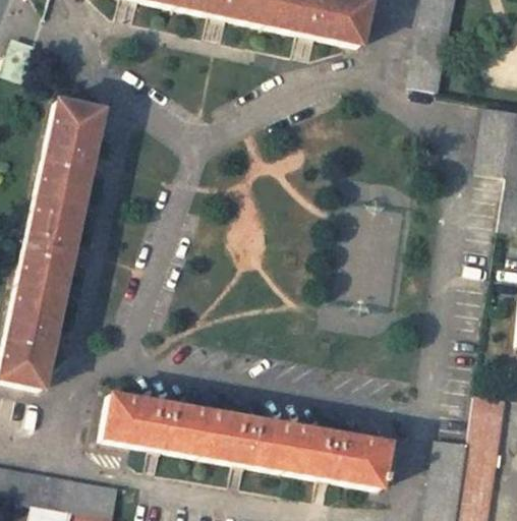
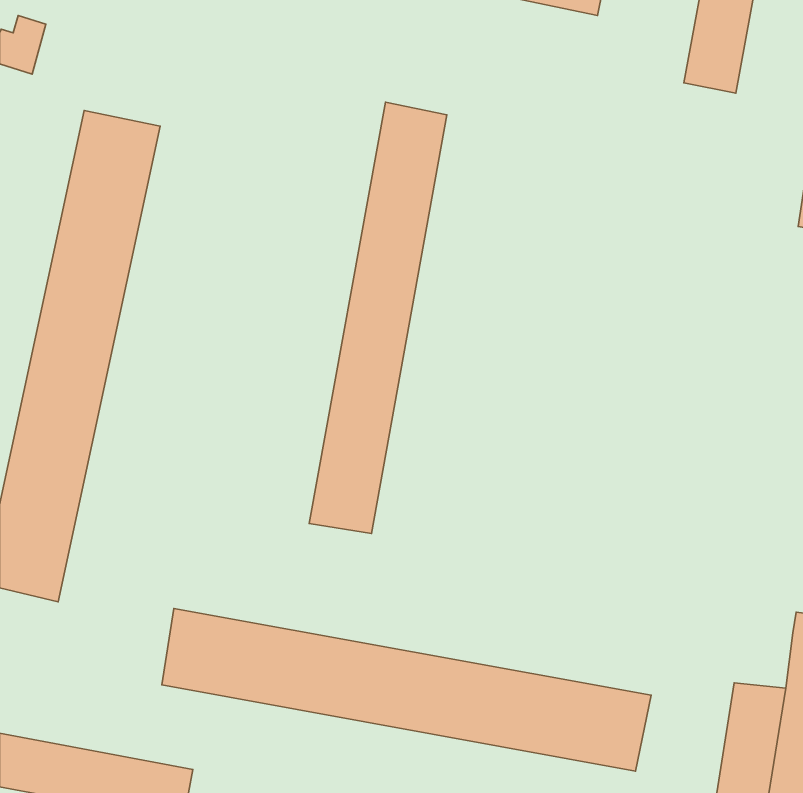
building: none -> [309,102,447,533]

